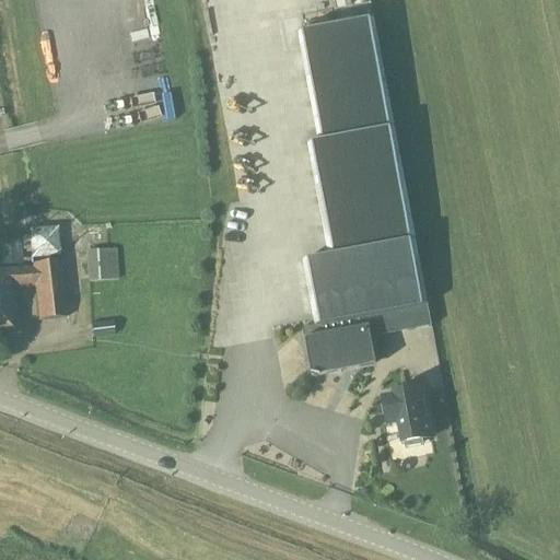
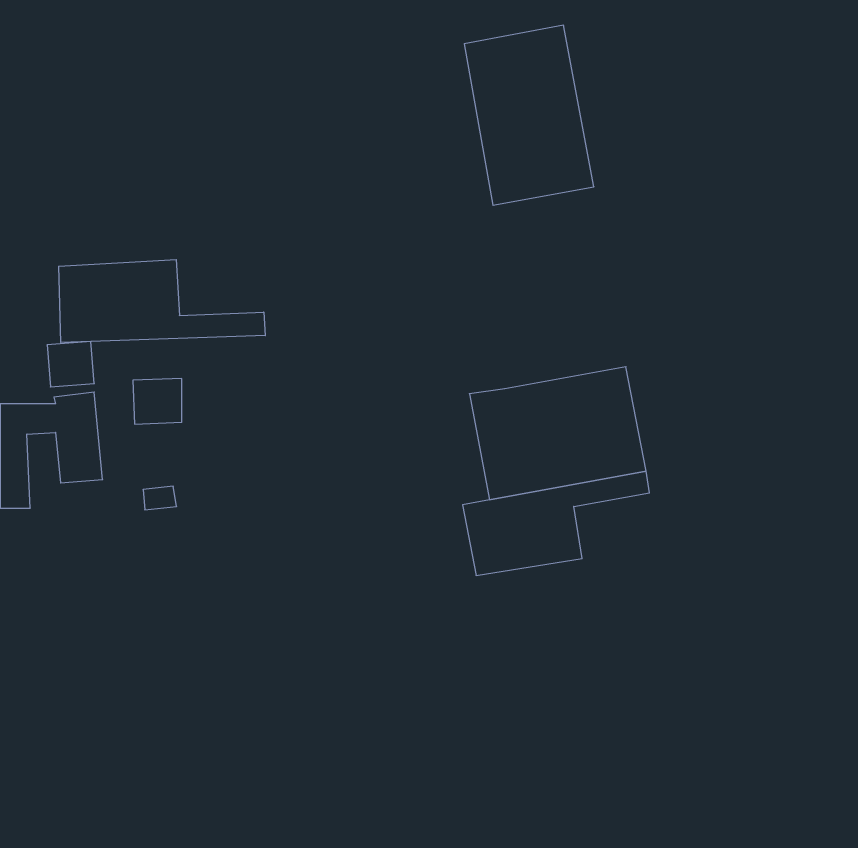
building: [307,121,408,253] -> none
building: none -> [59,260,265,342]
building: [386,383,436,443] -> none

